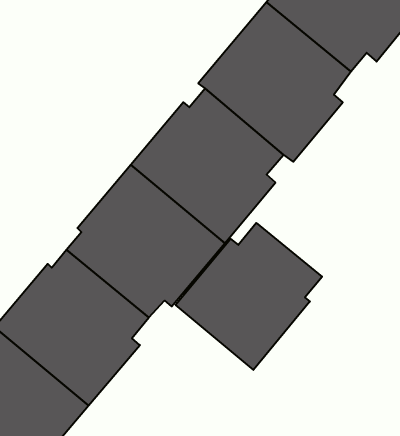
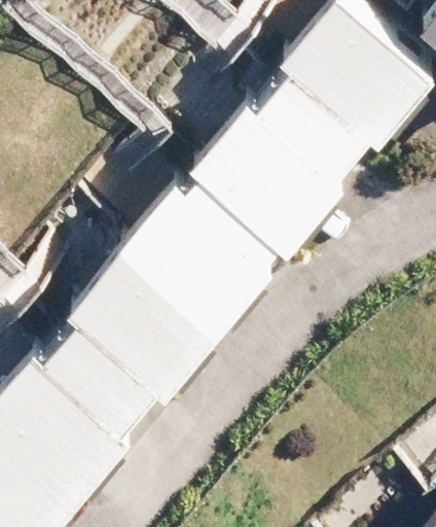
building: [176,223,322,370] -> none

